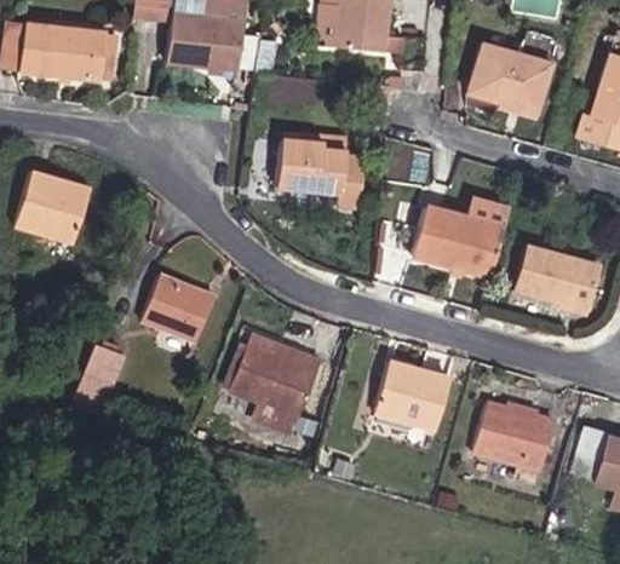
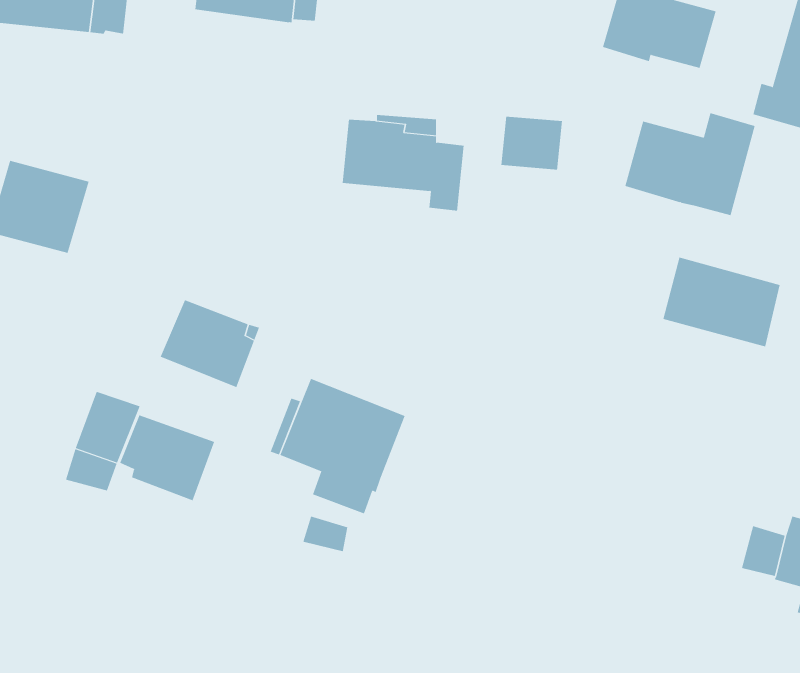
building: [412,201,509,277] -> [625,113,756,216]
building: [374,361,450,430] -> none
building: none -> [120,414,215,501]
building: [473,403,555,470] -> none

